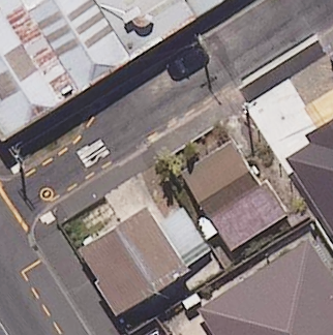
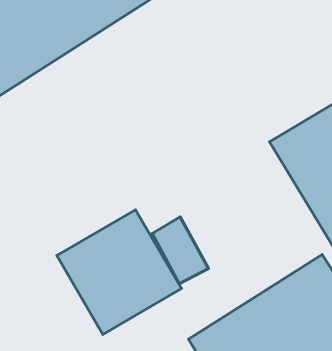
building: [182,143,285,252] -> none

